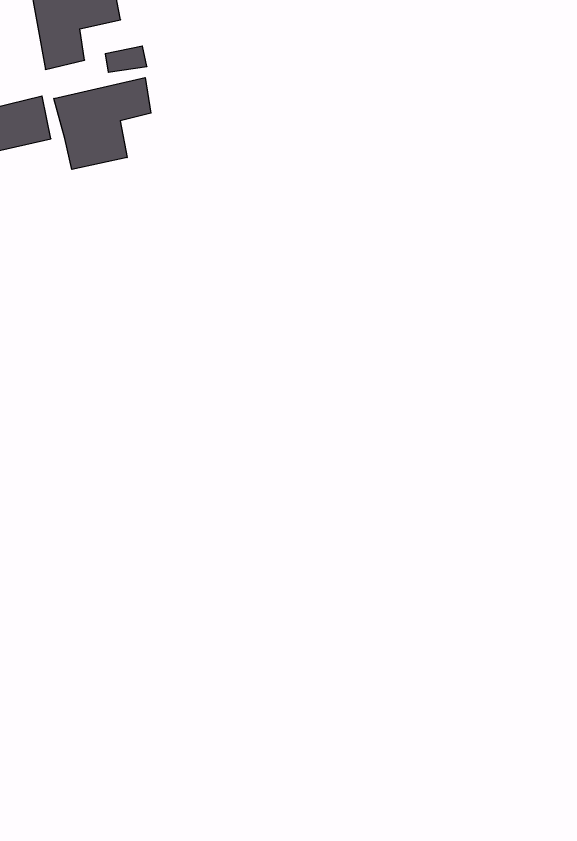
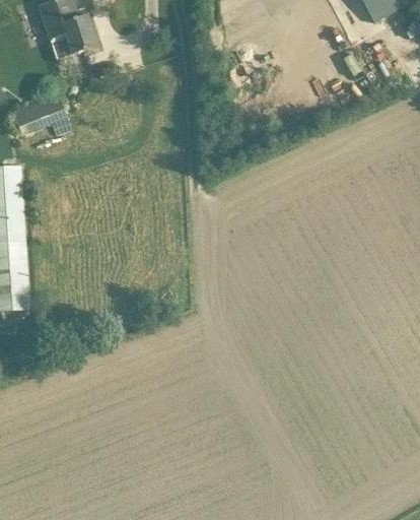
building: [54,78,151,169] -> none

